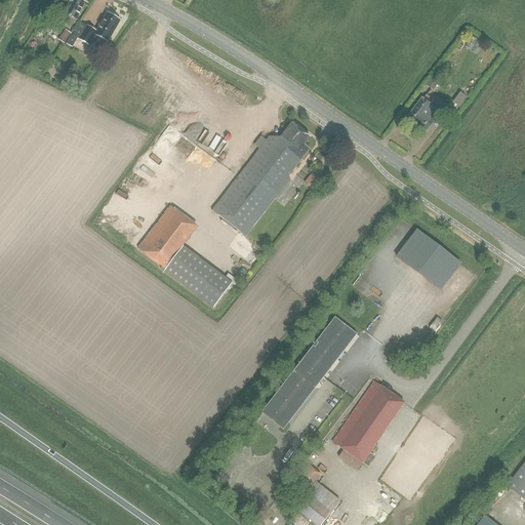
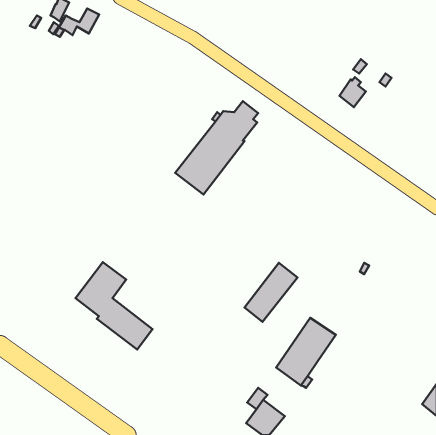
building: [138,203,231,308] -> [76,262,153,350]
building: [396,230,458,288] -> none
building: [261,368,316,428] -> none

